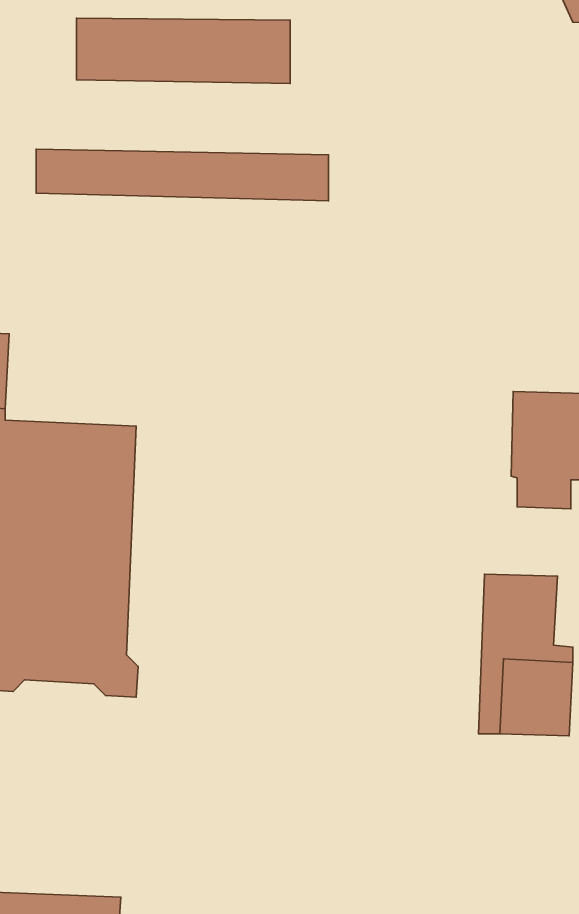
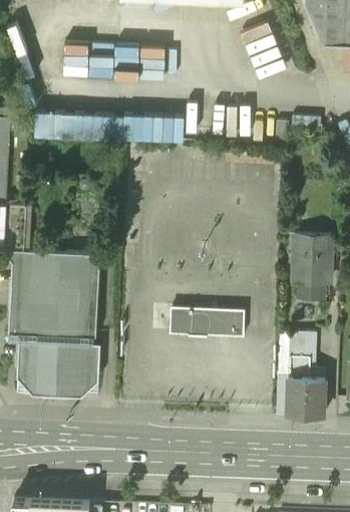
building: none -> [170,308,244,337]

